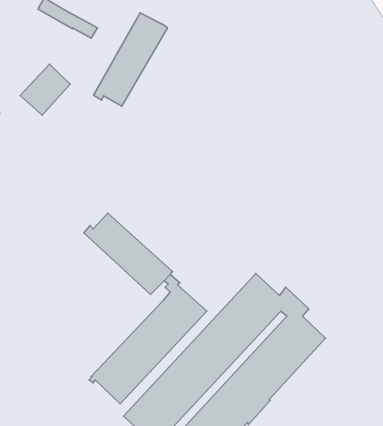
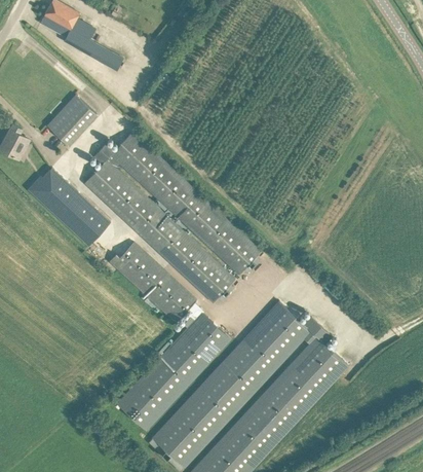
building: [93,13,168,106] -> none
building: none -> [83,131,261,301]
building: none -> [35,167,110,244]

